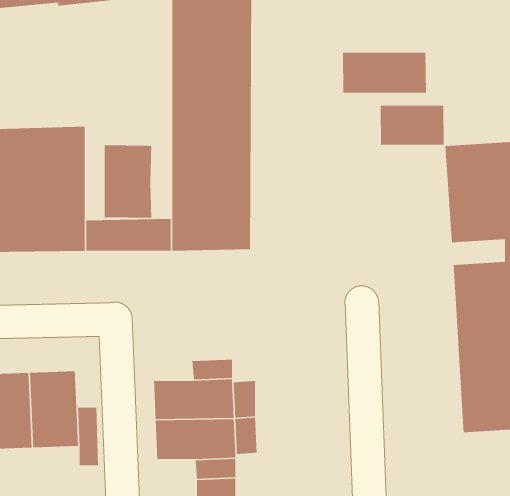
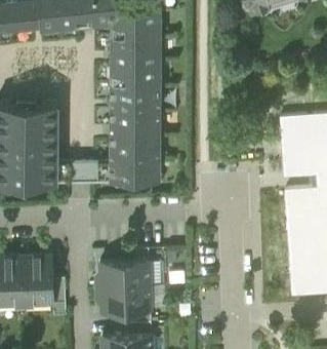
building: [342,52,427,93] -> none
building: [380,105,444,146] -> none
building: [104,144,152,219] -> none

